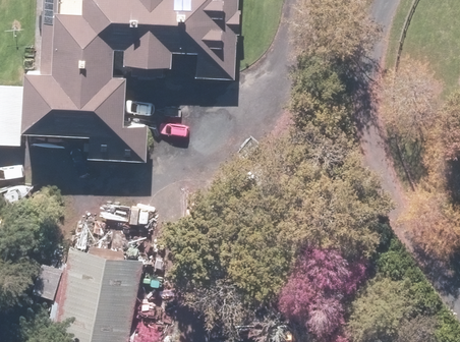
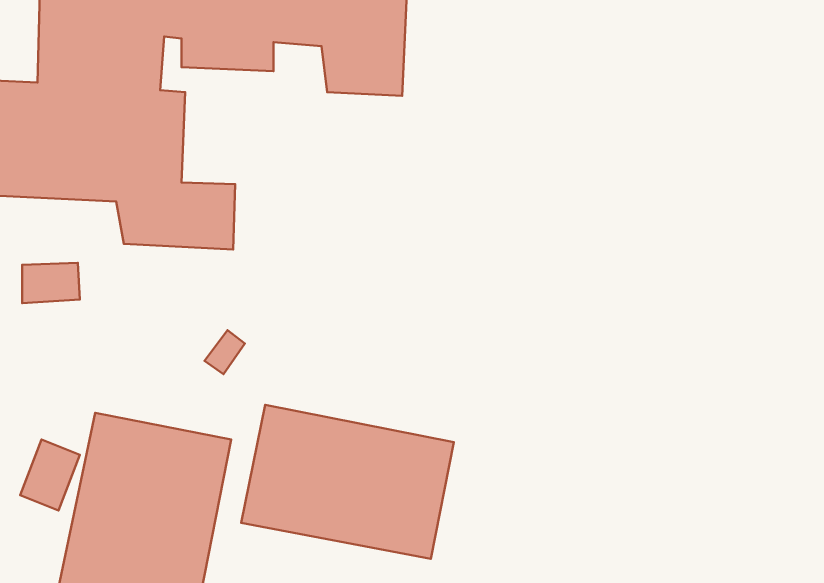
building: none -> [241,405,454,559]

